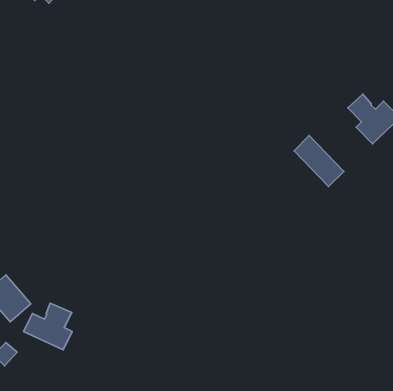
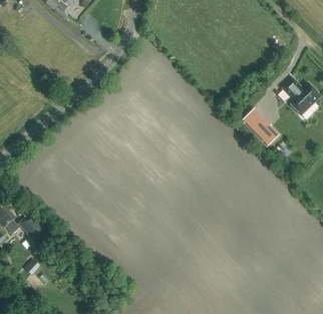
building: [23,303,72,350] -> none

